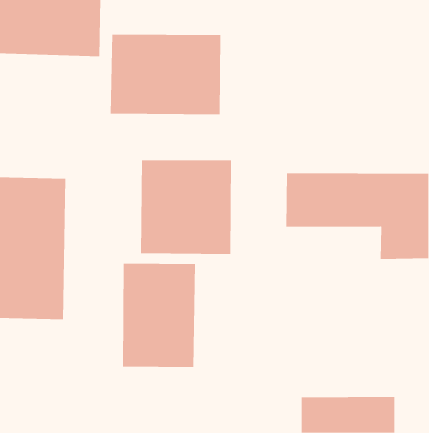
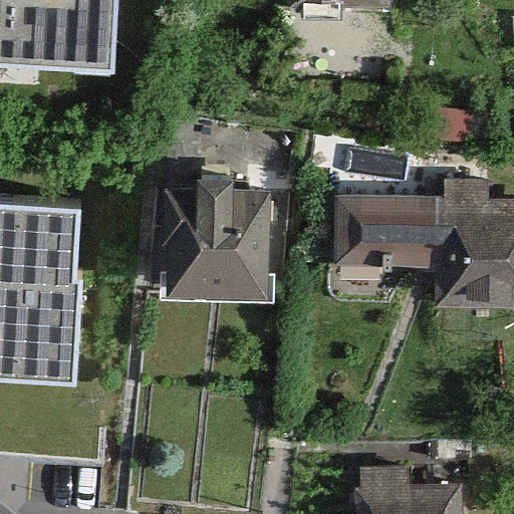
building: [110,34,221,115] -> none
building: [122,263,195,368] -> none

